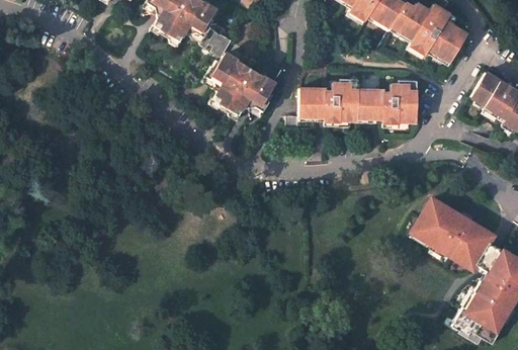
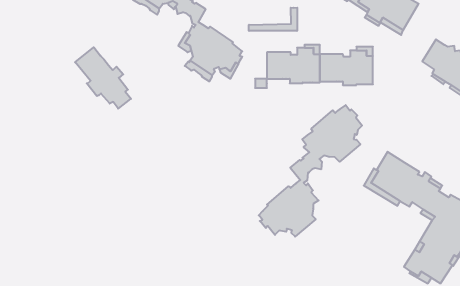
building: none -> [249,8,297,31]
building: none -> [75,47,131,109]
building: none -> [259,105,362,237]

